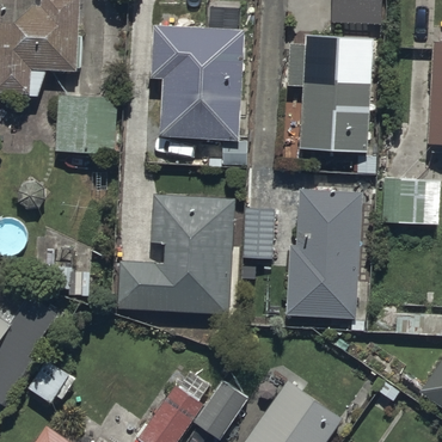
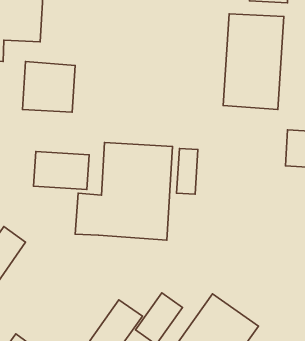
building: [148,27,246,143] -> none
building: [283,188,363,320] -> none
building: none -> [33,152,89,189]

